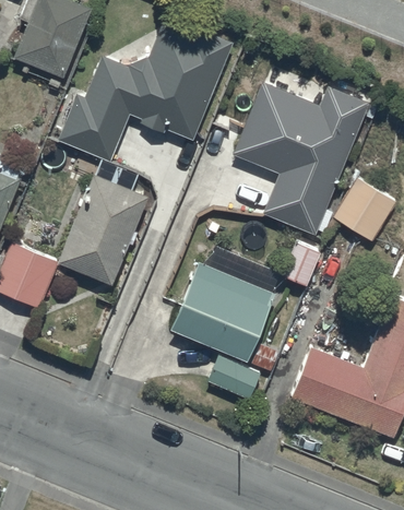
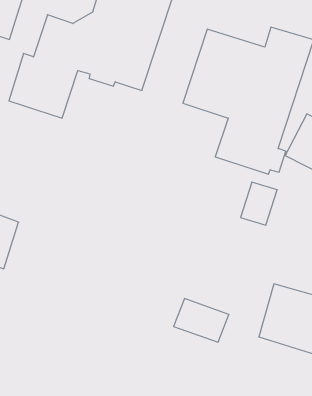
building: [58,173,148,285] -> none
building: [170,261,274,360] -> none

